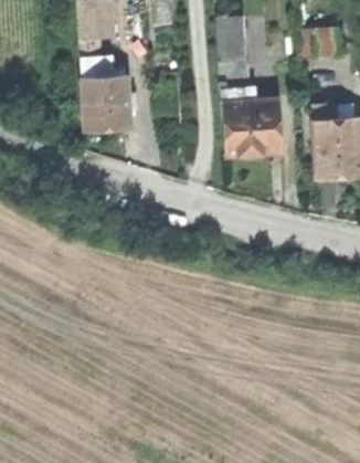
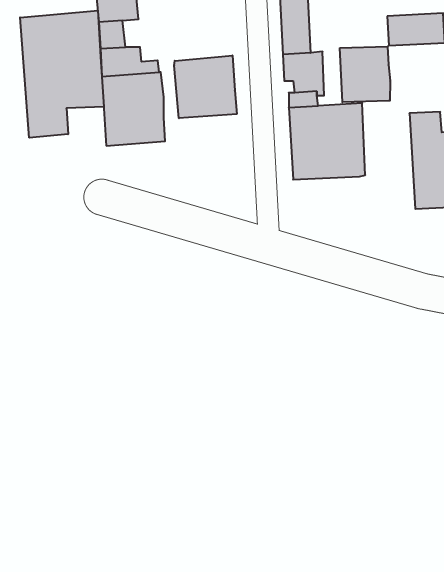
building: none -> [20,10,104,138]
building: none -> [340,46,390,102]
building: none -> [174,55,237,118]

